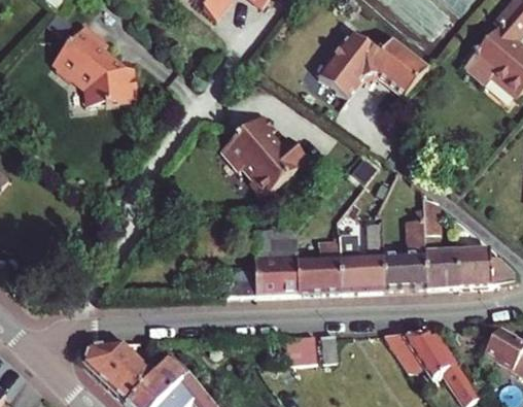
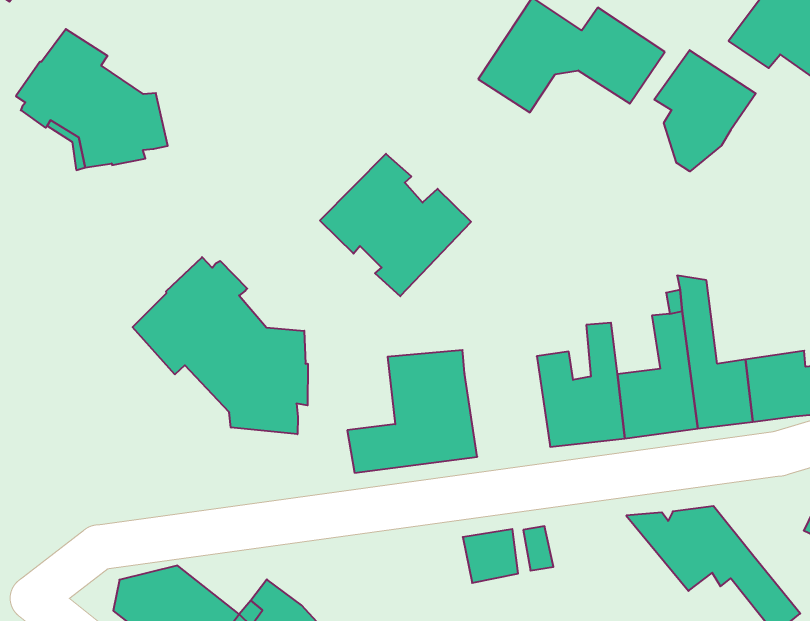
building: none -> [654,50,756,171]
building: none -> [133,257,308,434]
building: [297,223,342,293] -> none

